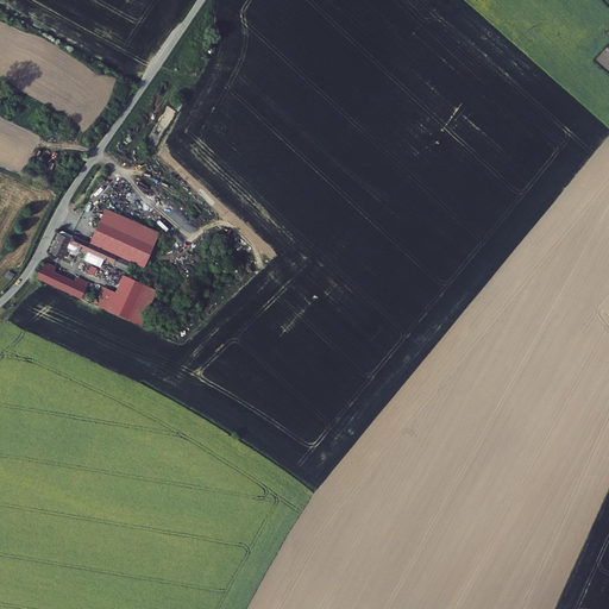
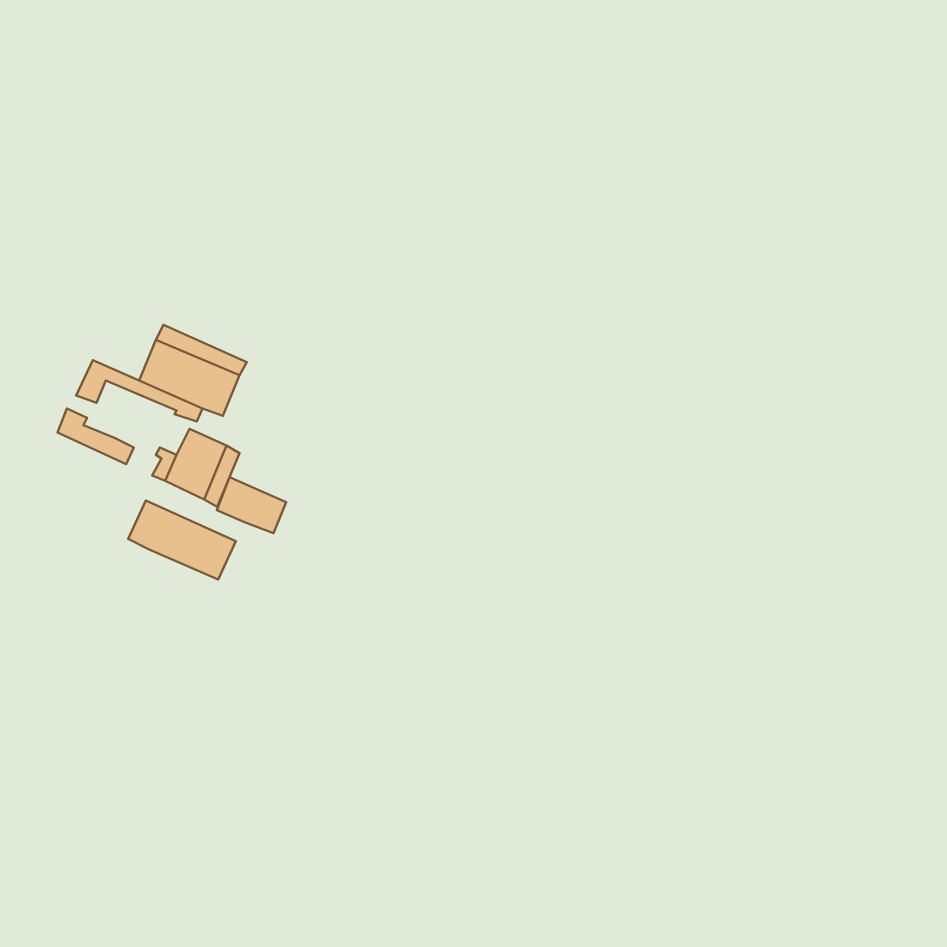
building: none -> [217,477,286,533]
building: none -> [128,501,236,579]

